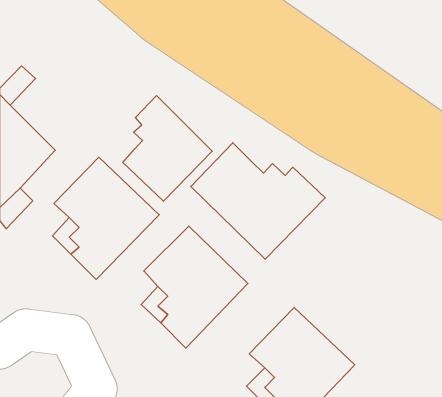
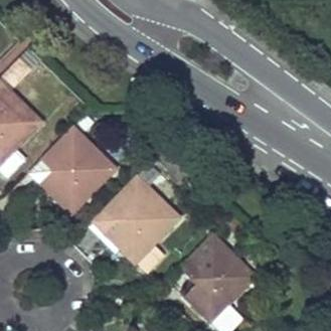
building: [123,96,212,201] -> none
building: [191,143,325,259] -> none

